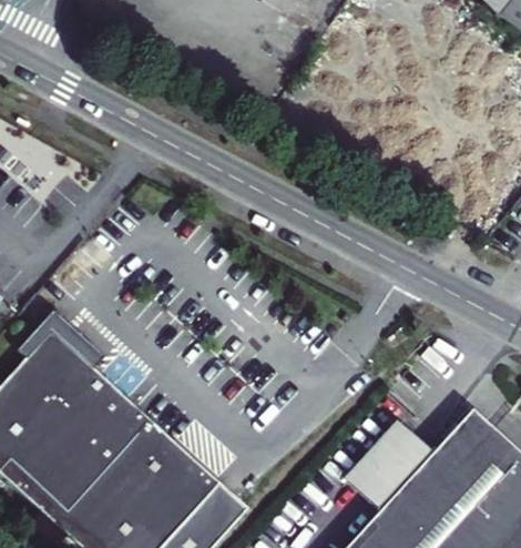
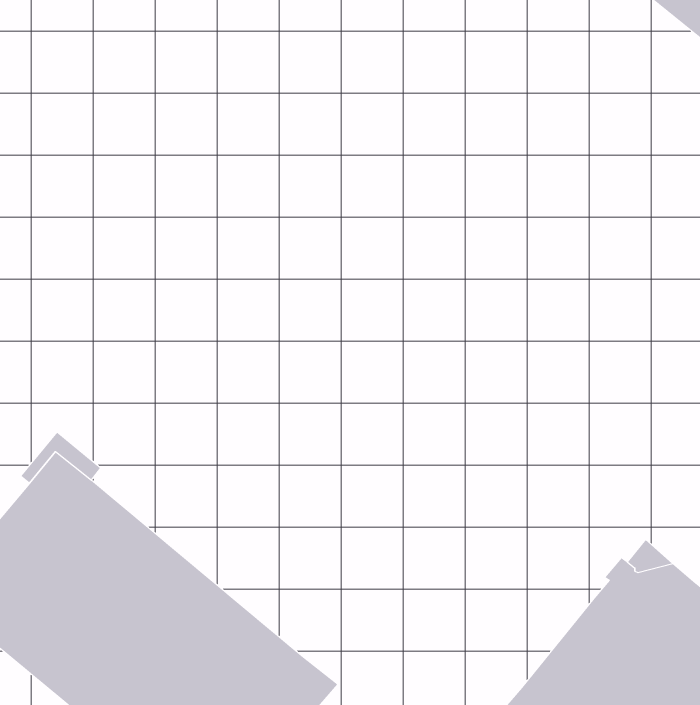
building: [351,414,438,507] -> none

